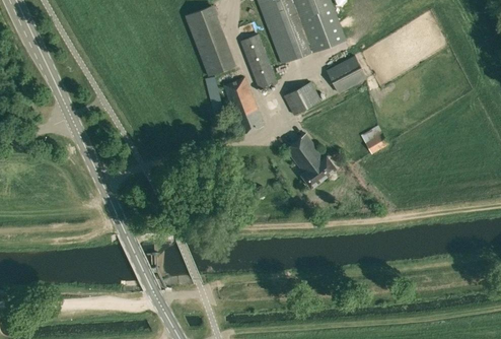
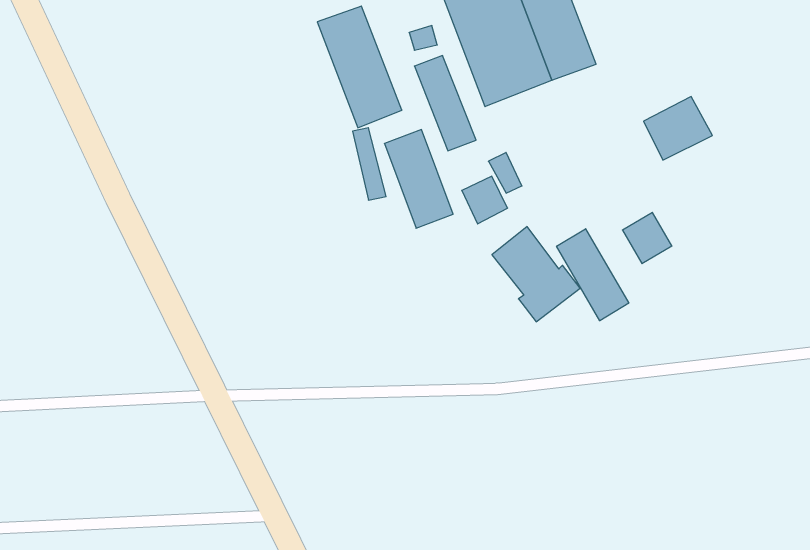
building: [328,56,367,92] -> [644,97,712,160]
building: [294,82,320,110] -> [462,176,508,224]
building: none -> [557,229,629,321]

